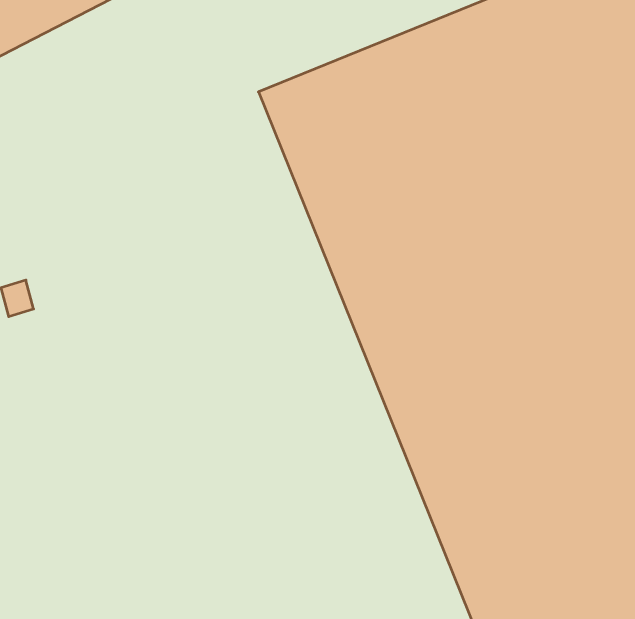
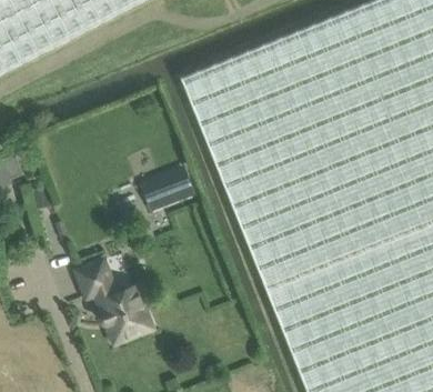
building: none -> [143,169,195,210]
building: none -> [79,261,152,342]

